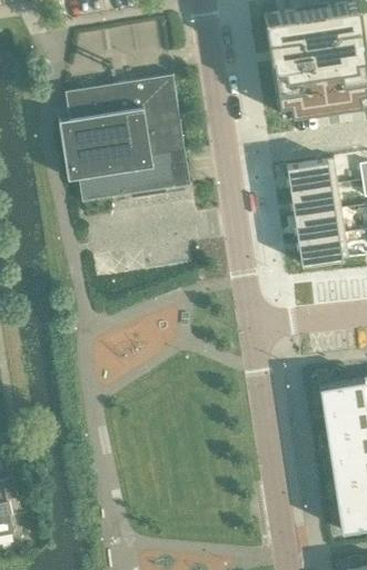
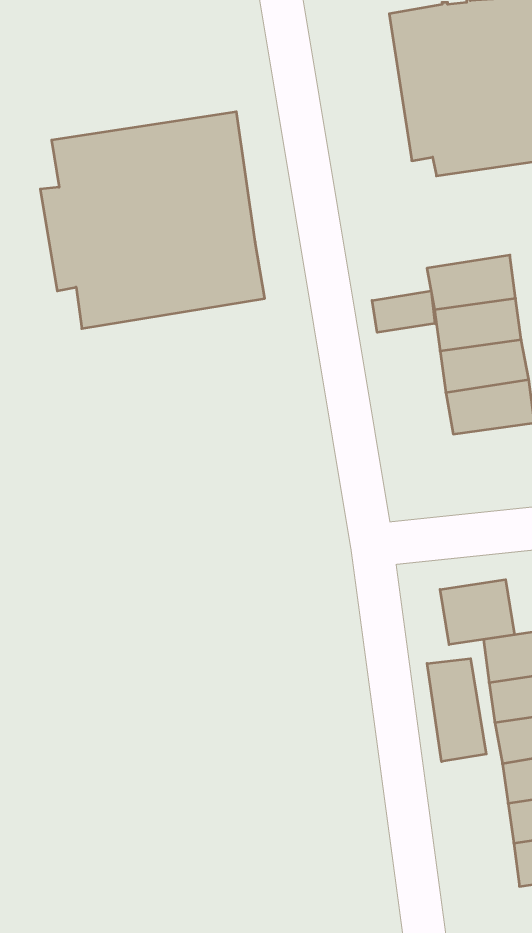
building: none -> [372,291,435,332]
building: none -> [440,580,515,645]
building: none -> [427,659,486,762]

